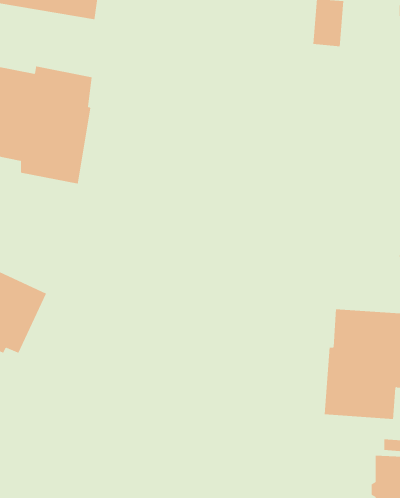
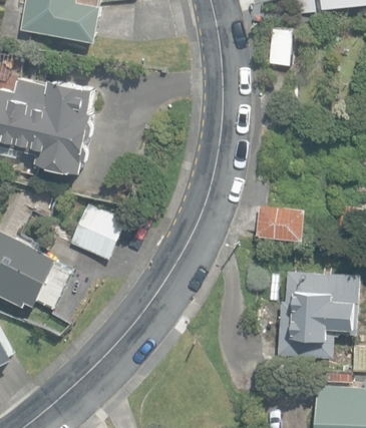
building: none -> [70,205,124,259]
building: none -> [255,205,306,240]

